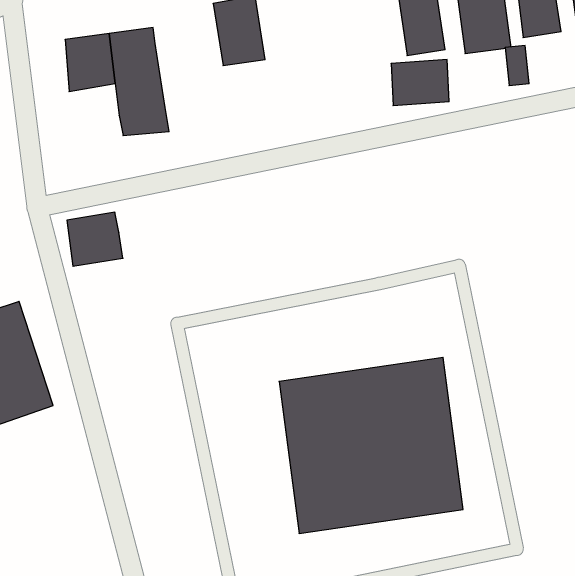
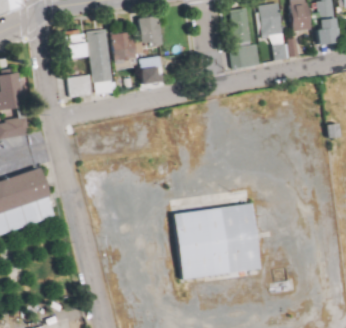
building: none -> [109,33,137,69]
building: none -> [141,57,166,87]
building: [67,212,123,266] -> [67,73,95,100]

